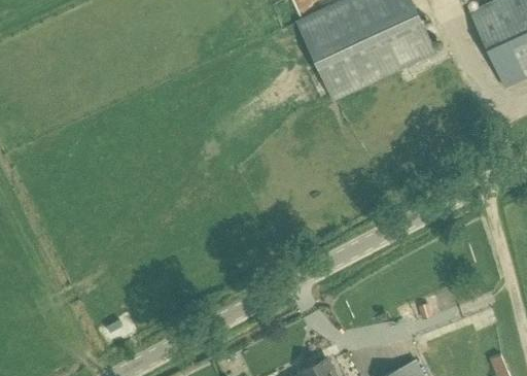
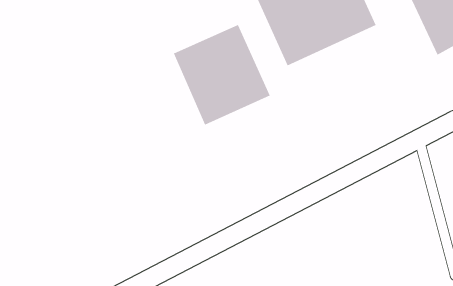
building: none -> [173,24,270,125]

